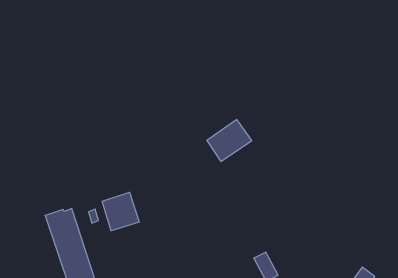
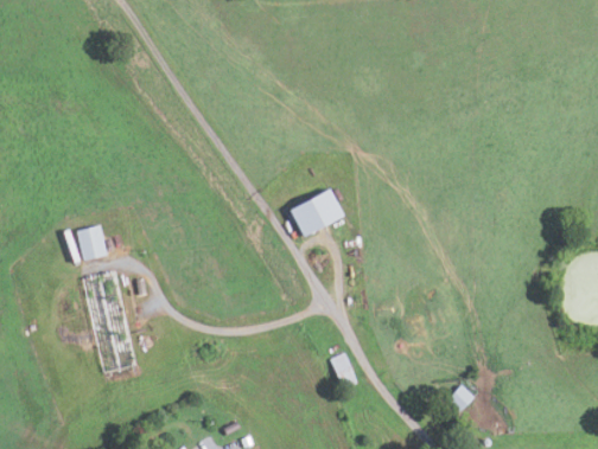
building: none -> [77,226,107,261]
building: [102,192,139,231] -> none

